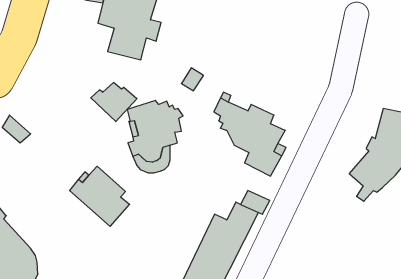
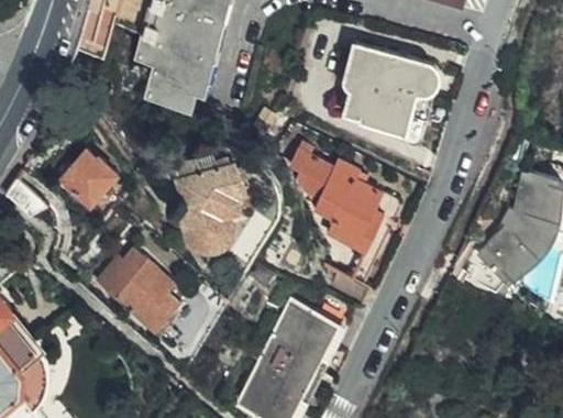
building: none -> [340,44,440,138]
building: [91,83,137,122] -> [53,150,115,202]

